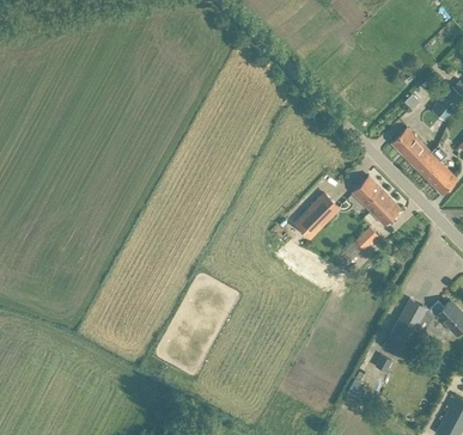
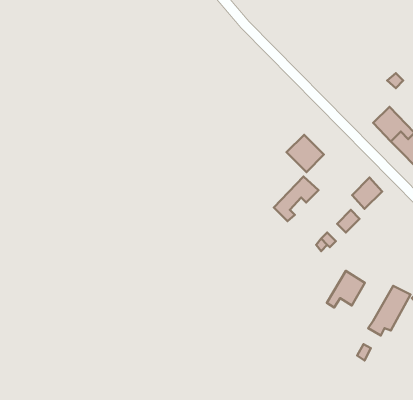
building: [353,177,389,213] -> [287,135,324,172]
building: none -> [327,271,365,307]

